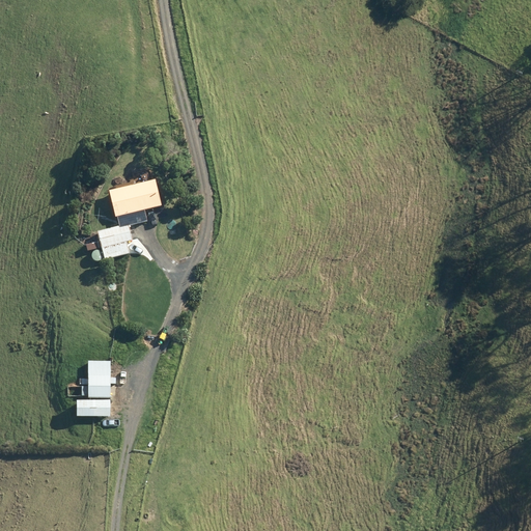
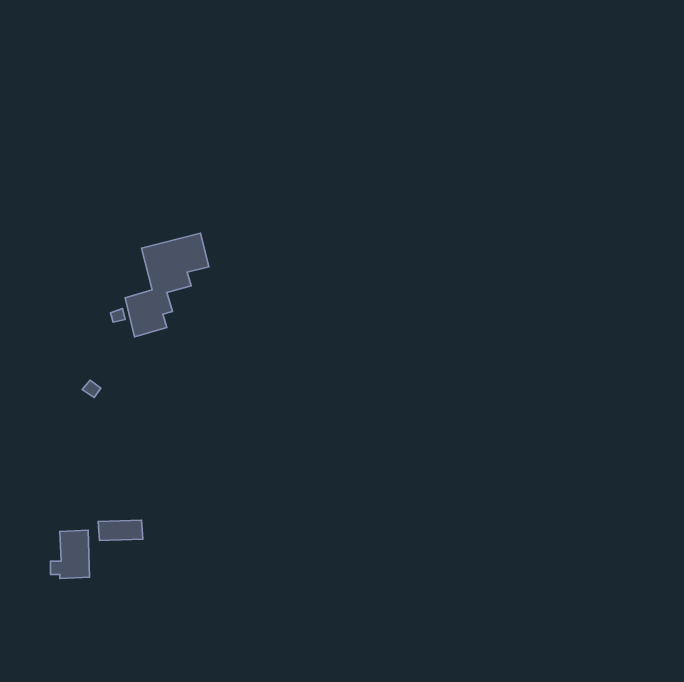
building: [80,360,110,397] -> [51,530,90,579]

